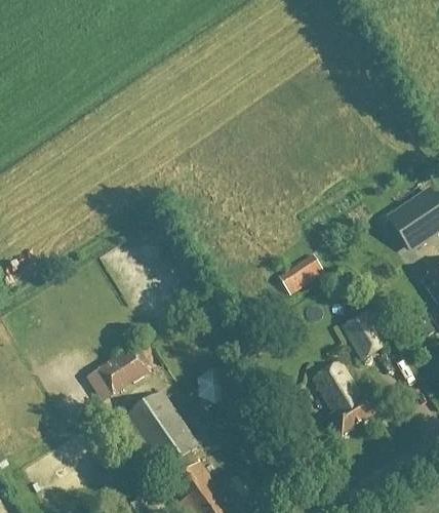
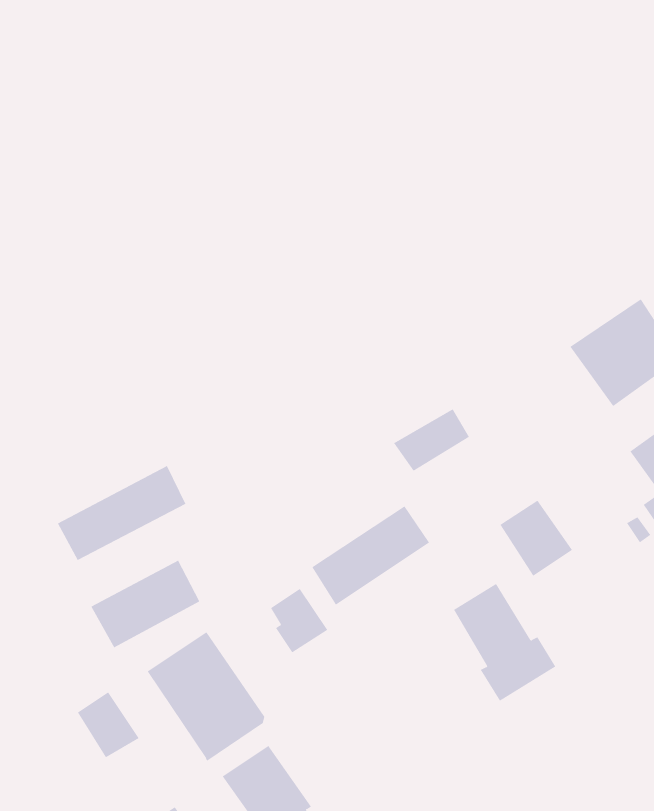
building: none -> [57,465,186,561]
building: none -> [312,506,430,606]
building: none -> [77,692,140,758]

